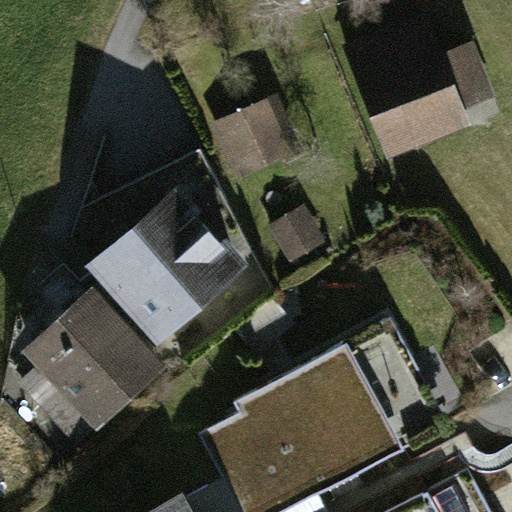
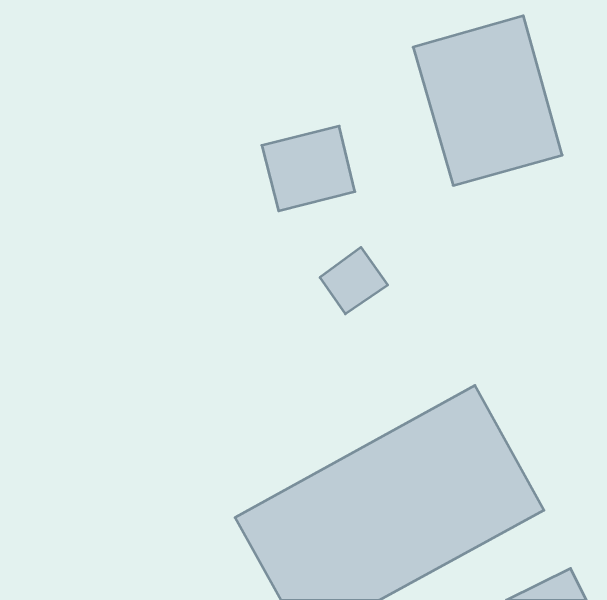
building: [86,189,255,356] -> none
building: [18,300,154,437] -> none

